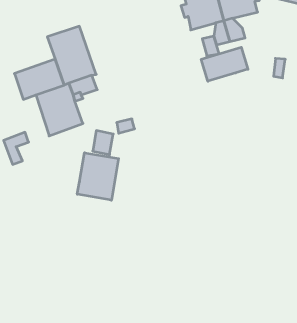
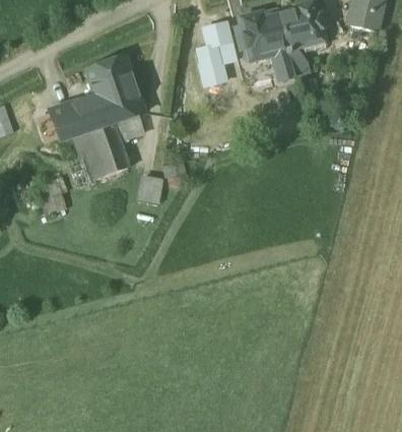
building: none -> [198,35,233,82]
building: [201,47,248,81] -> none
building: [77,153,119,200] -> none

